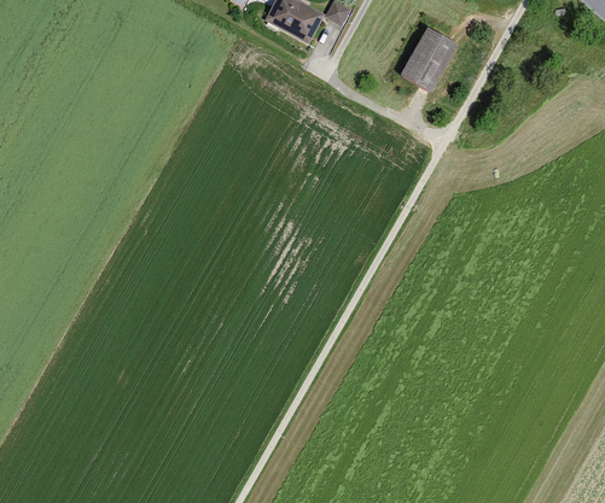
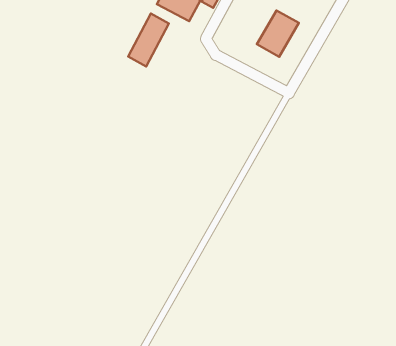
building: none -> [128,13,169,67]

